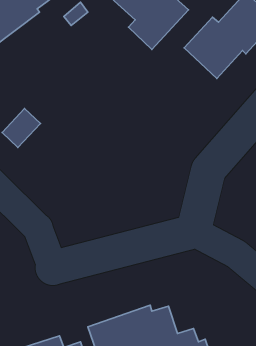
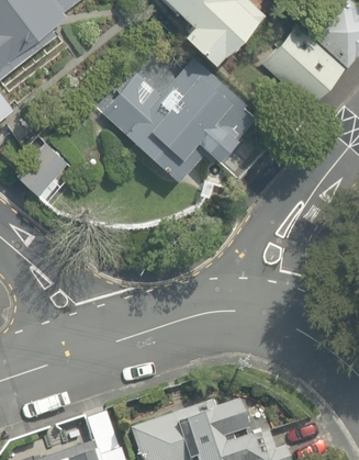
building: none -> [102,59,251,181]

